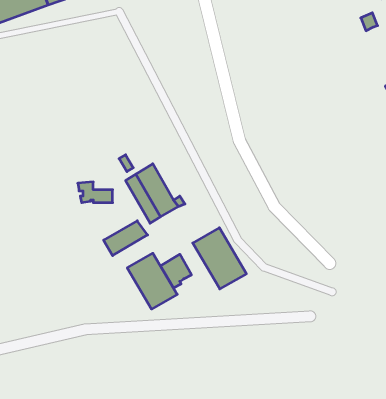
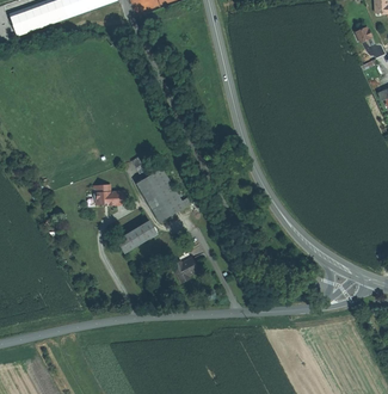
building: [193,228,246,289] -> none
building: [127,253,177,309] -> none

